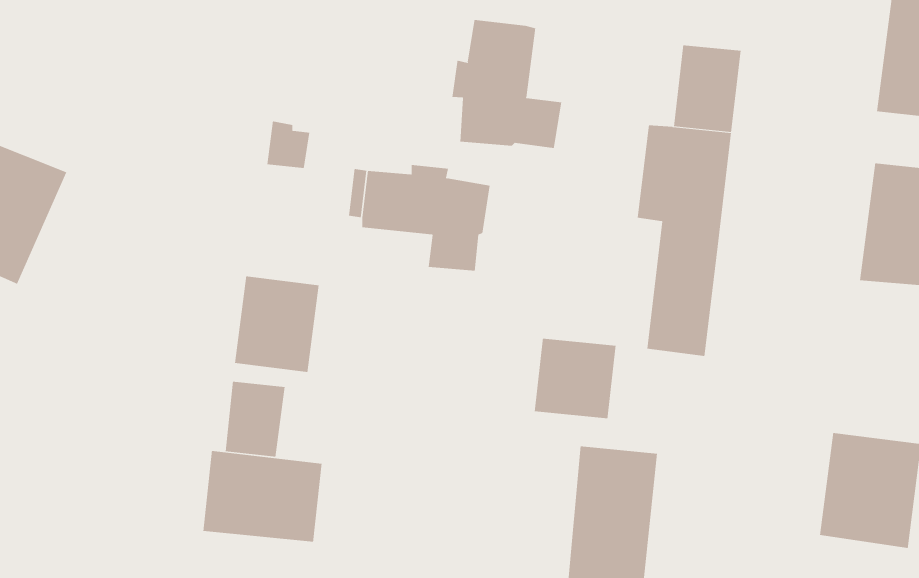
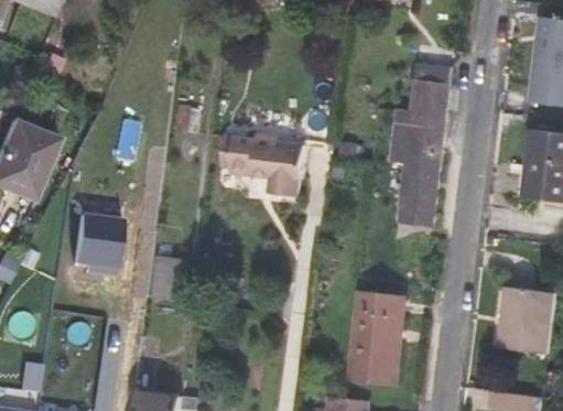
building: [452,19,562,149] -> none
building: [234,276,320,373] -> [73,213,122,269]
building: [534,338,616,419] -> none
building: [203,450,322,543] -> none

